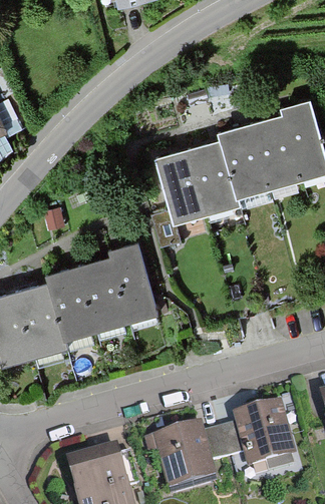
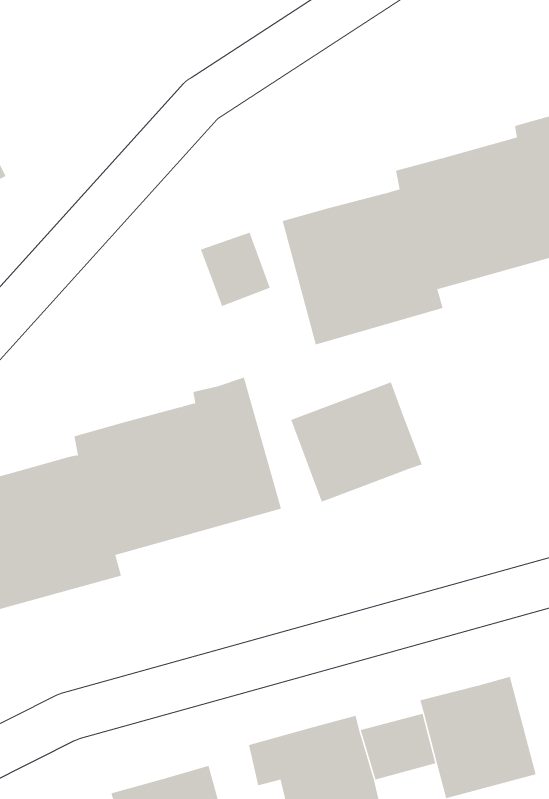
building: none -> [200,232,270,307]
building: none -> [290,382,422,503]

